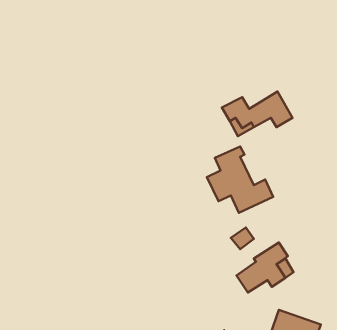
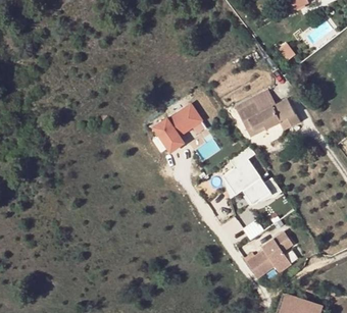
building: none -> [153,106,200,153]

